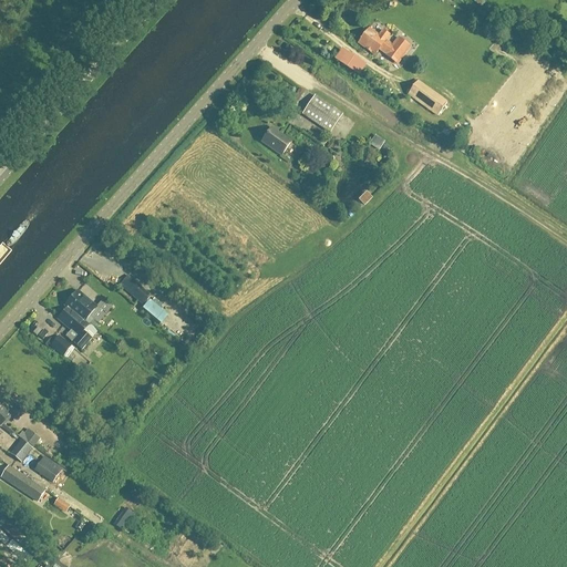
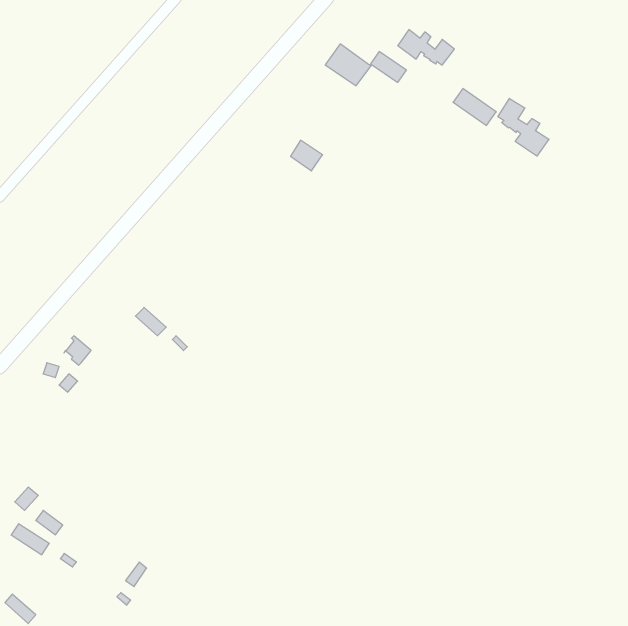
building: none -> [498,98,549,156]
building: [301,93,342,131] -> [325,44,371,86]
building: [66,289,96,348] -> none

